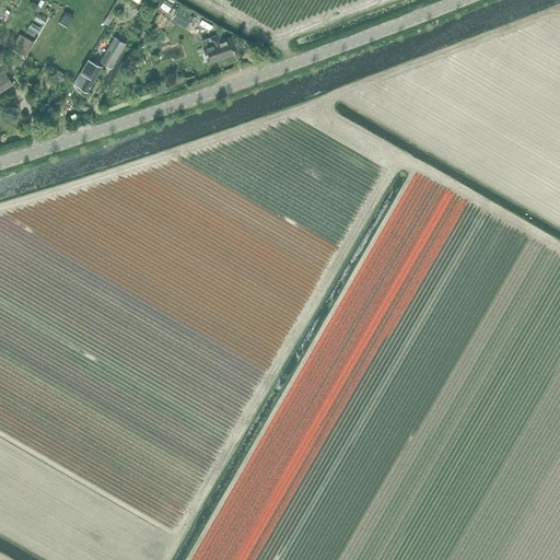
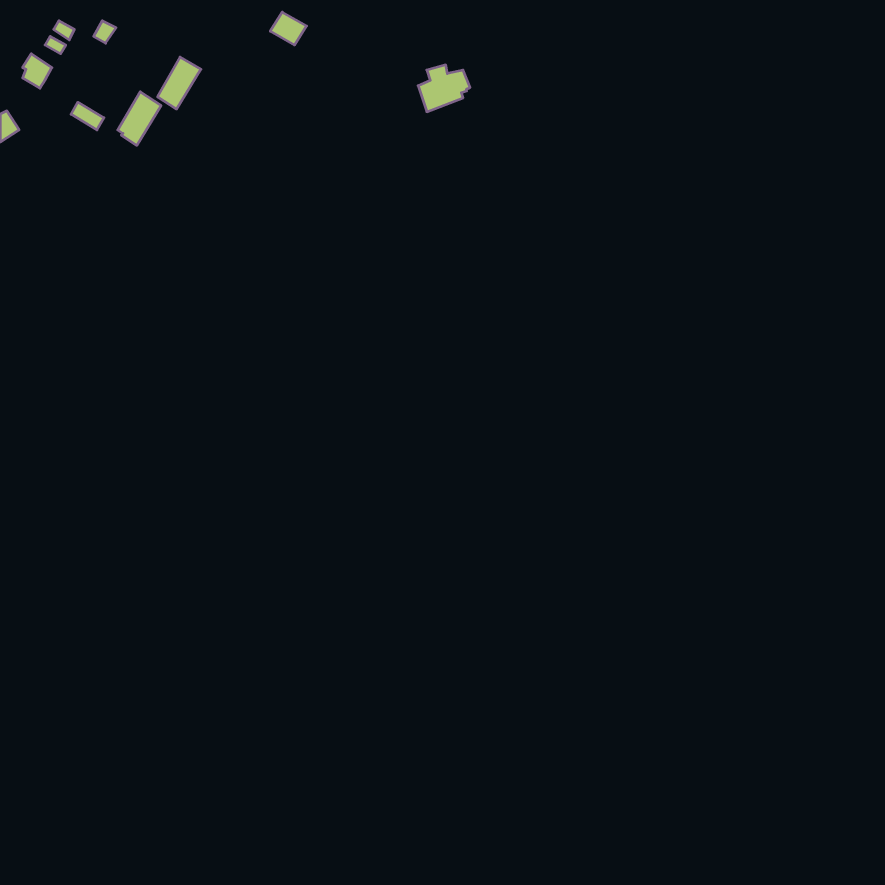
building: [203,33,236,62] -> [418,65,470,112]

